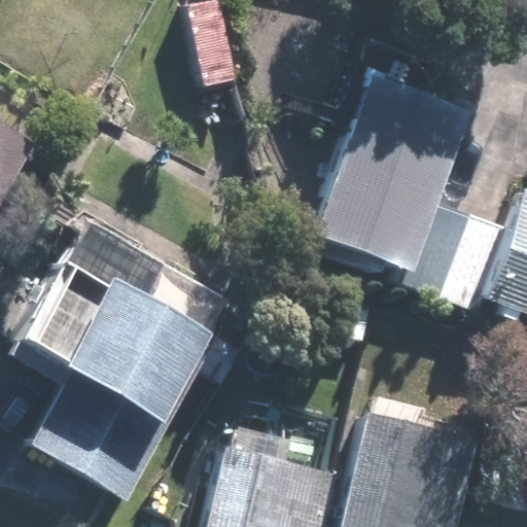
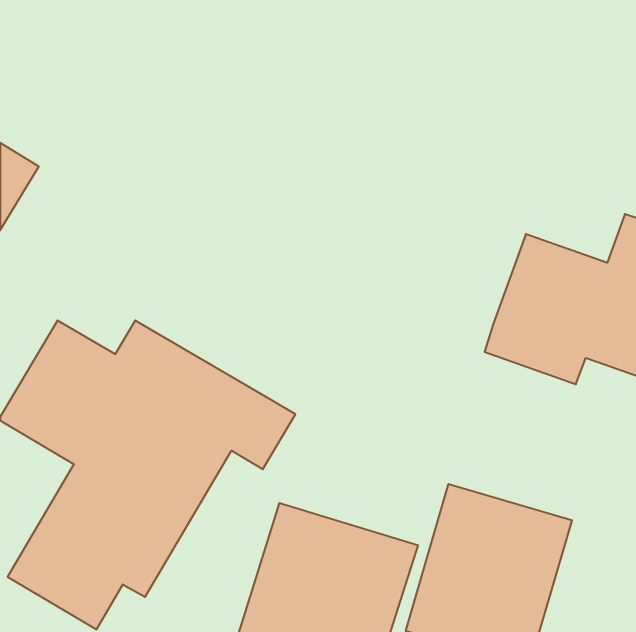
building: [313,49,477,273] -> none

